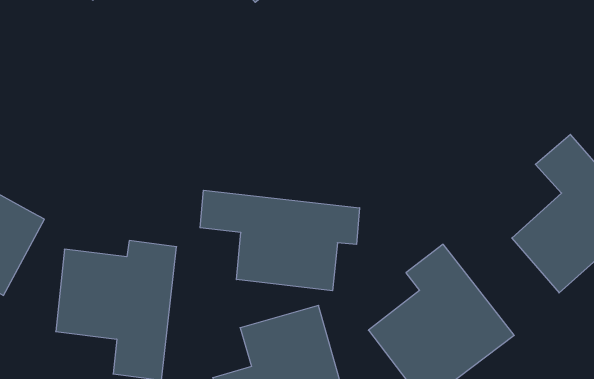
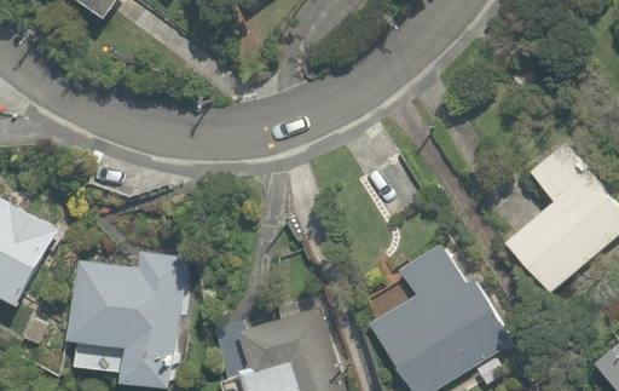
building: [200,190,360,291] -> none

